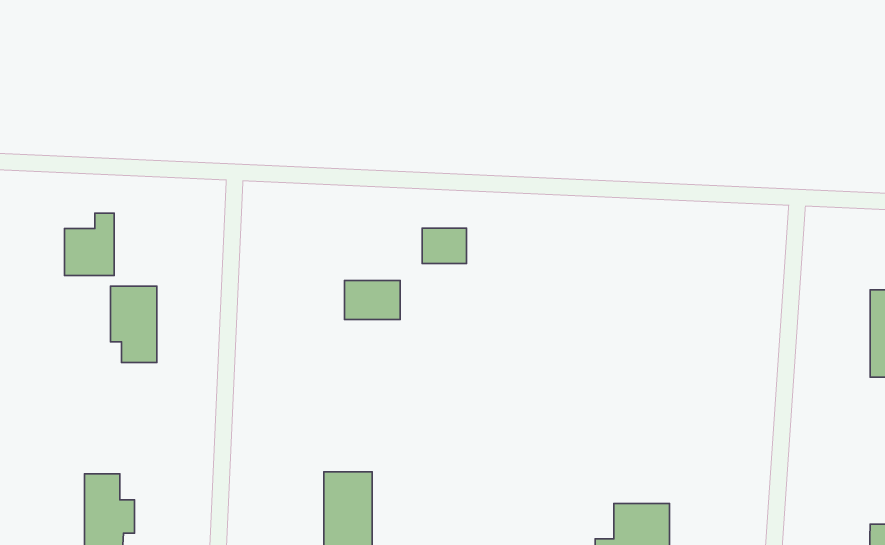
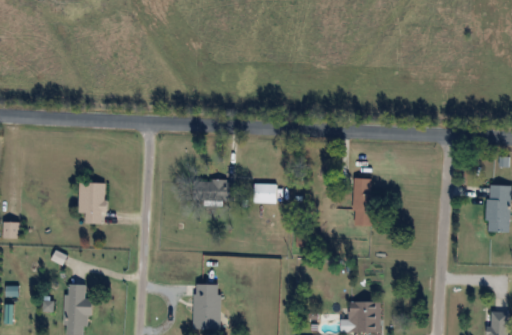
building: [64,213,114,275] -> none
building: [422,228,467,263] -> [252,184,276,203]
building: none -> [352,178,381,226]

